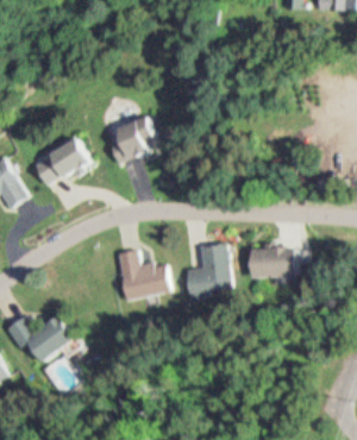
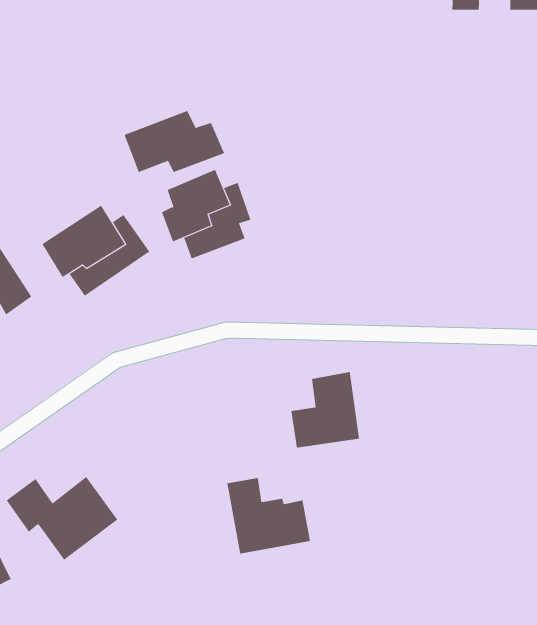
building: none -> [124,110,225,173]
building: [117,249,170,297] -> [227,477,311,554]
building: [262,250,309,279] -> none

